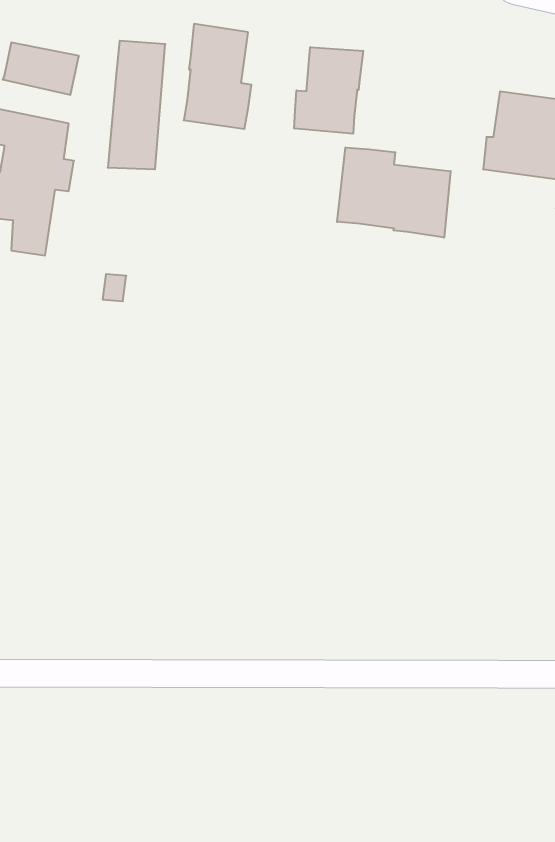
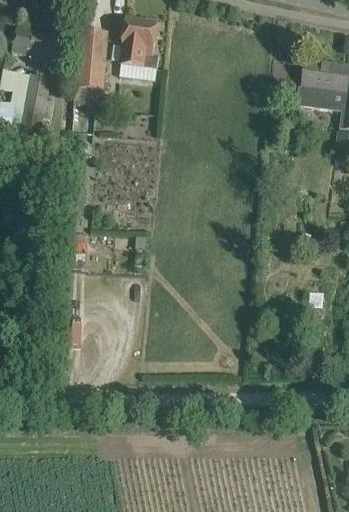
building: [294,47,363,134] -> none
building: [337,147,451,238] -> none

